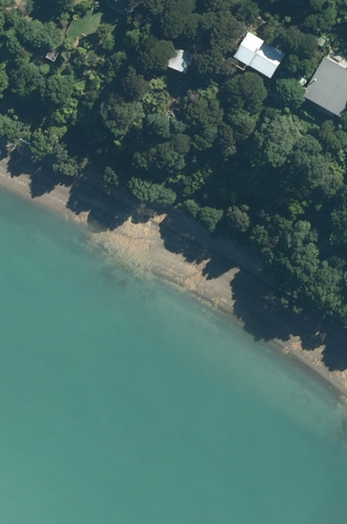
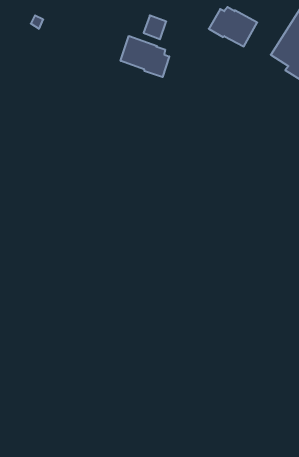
building: none -> [121,36,169,77]

